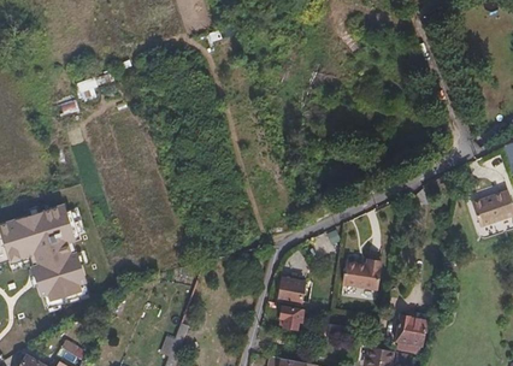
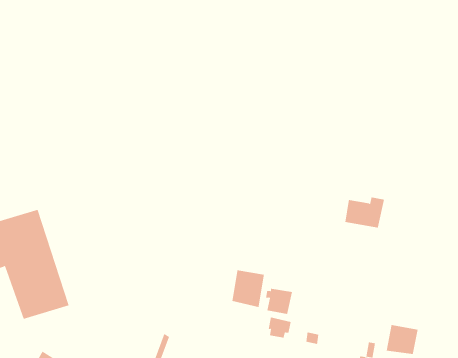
building: [344,258,383,288] -> [345,197,385,228]
building: none -> [232,269,264,308]

